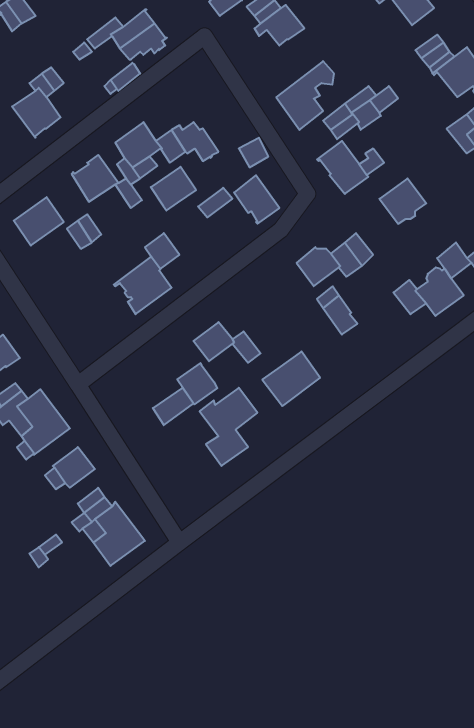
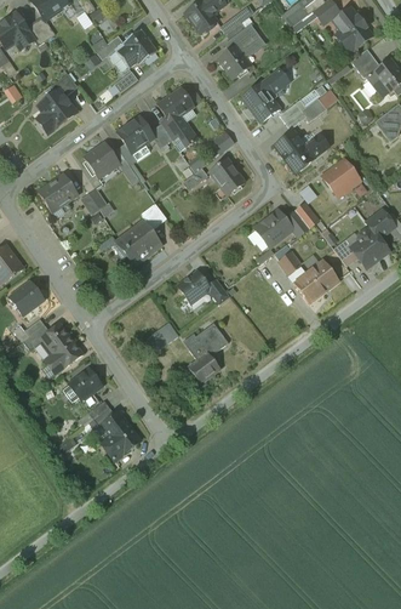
building: none -> [218,45,251,79]
building: [151,167,196,211] -> [157,89,193,123]
building: [262,351,320,406] -> [293,260,338,302]
building: [177,363,217,404] -> none

